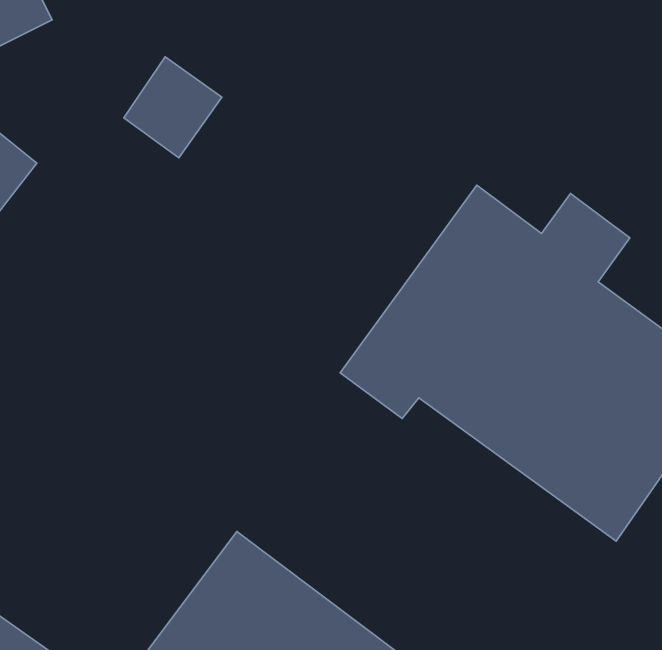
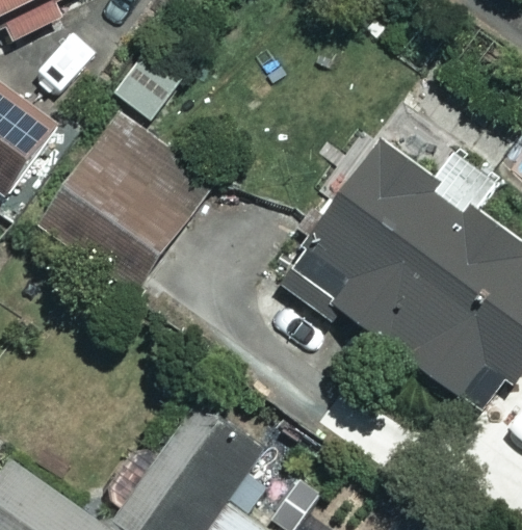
building: none -> [37,118,207,289]

